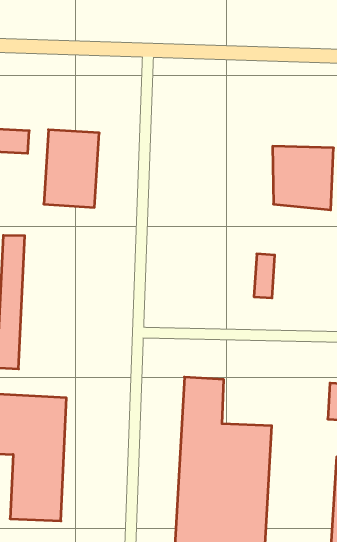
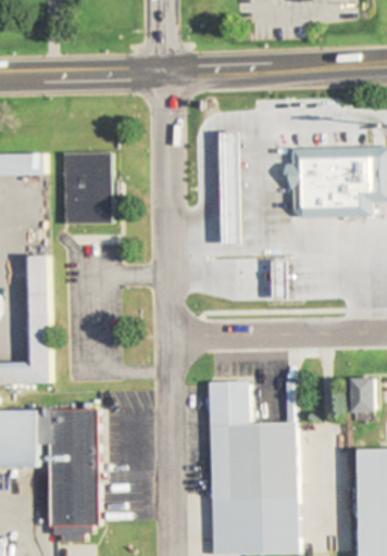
building: none -> [215,139,242,255]

